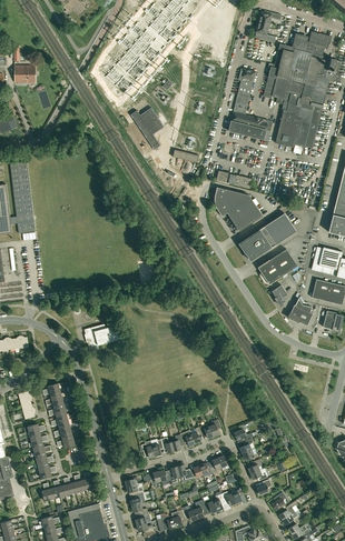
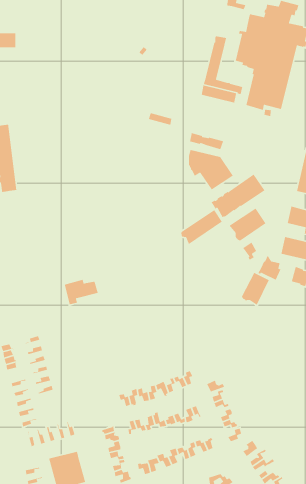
building: [130,107,165,149] -> none
building: none -> [180,209,223,245]
building: none -> [241,272,270,306]

